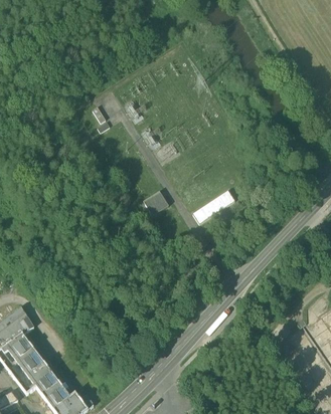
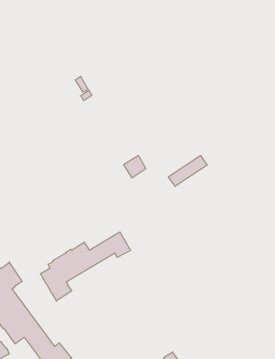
building: none -> [40,232,131,301]

